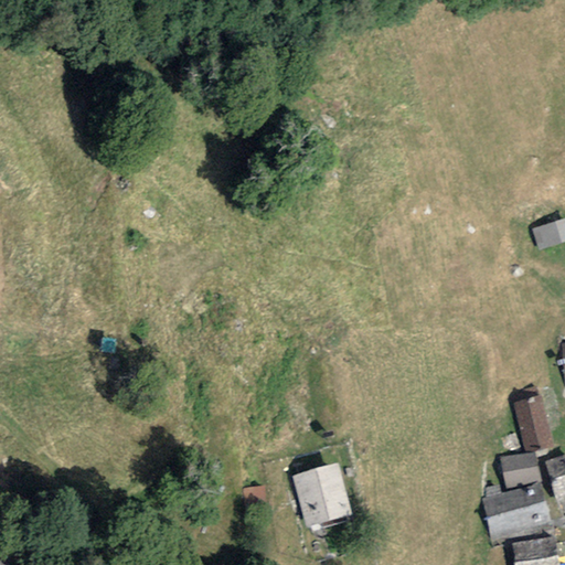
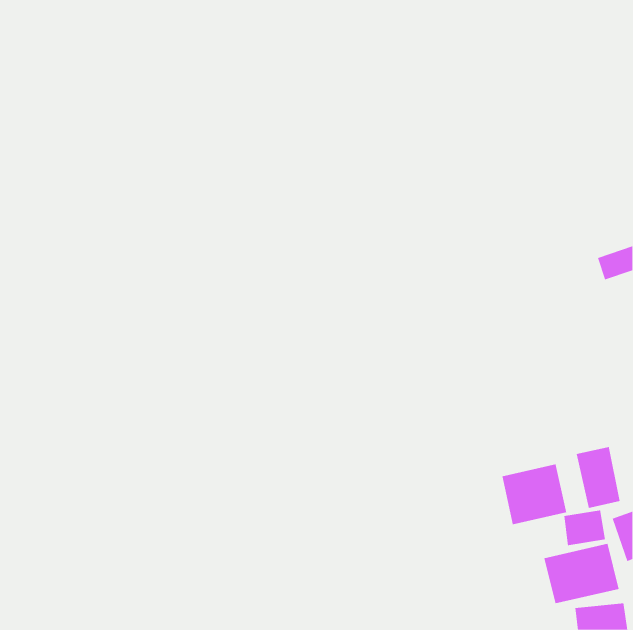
building: none -> [502,463,567,525]
building: [301,467,354,522] -> none

